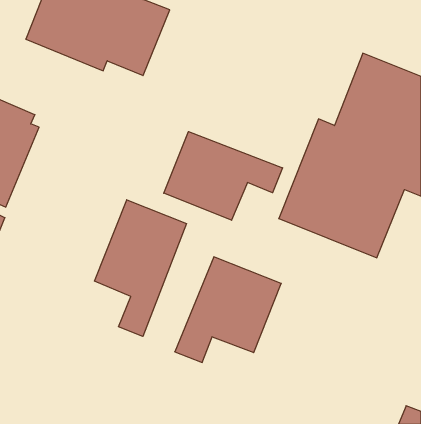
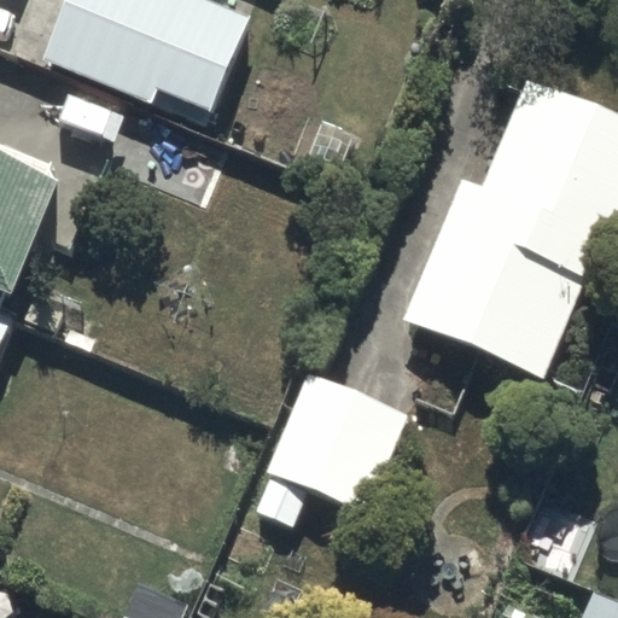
building: [164,132,283,220] -> none
building: [94,200,187,336] -> none

